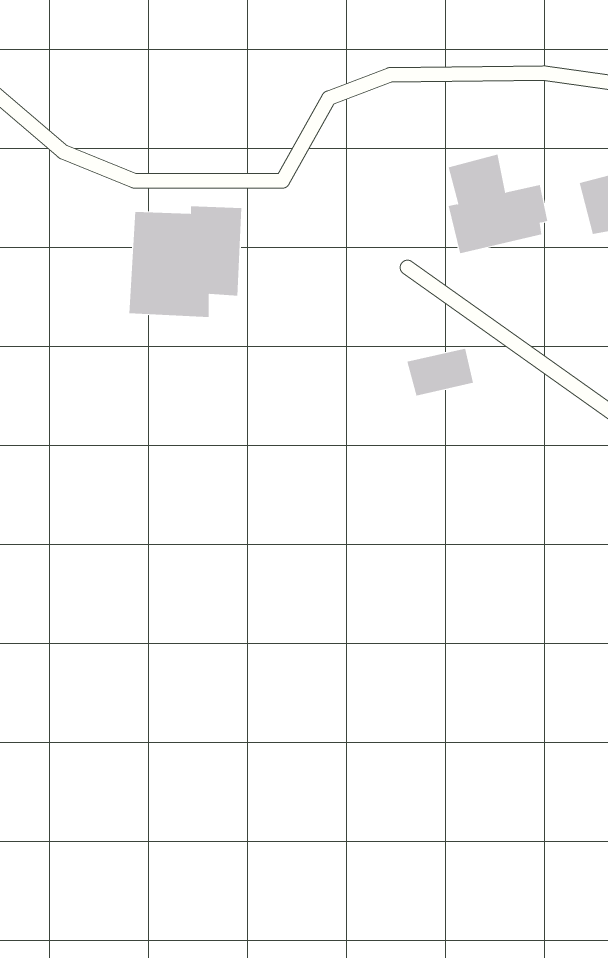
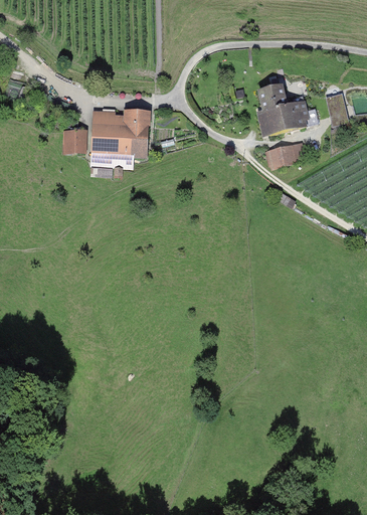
building: none -> [62,130,88,152]
building: [406,348,474,396] -> [265,143,301,168]

